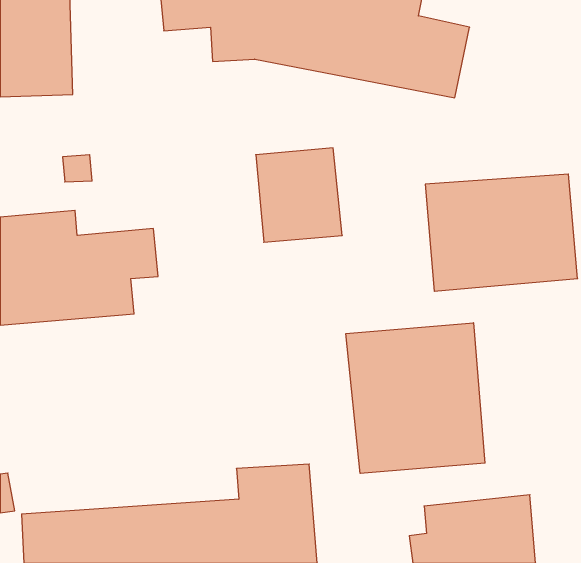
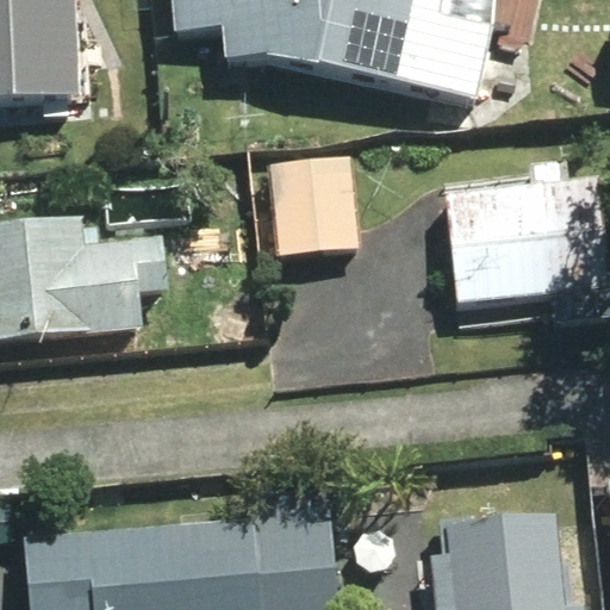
building: [346,323,485,473] -> none

